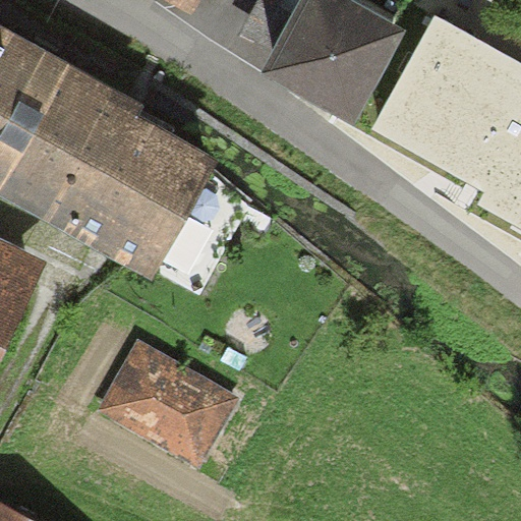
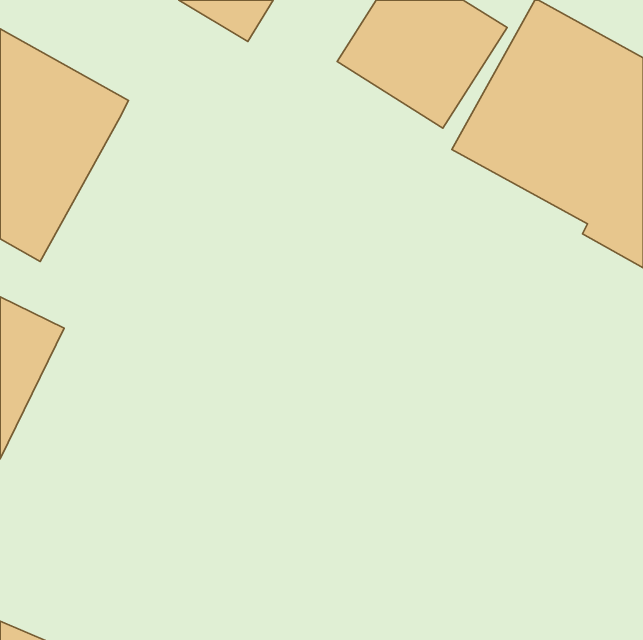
building: [33,98,209,277] -> none
building: [97,348,231,467] -> none

